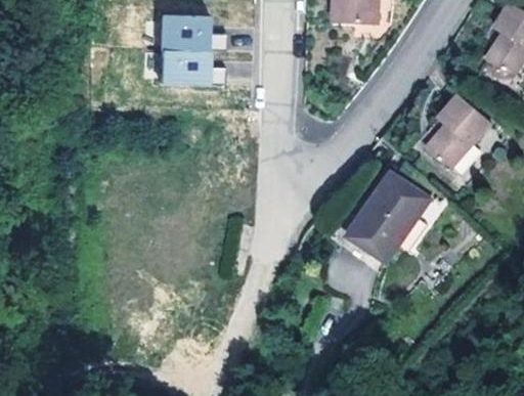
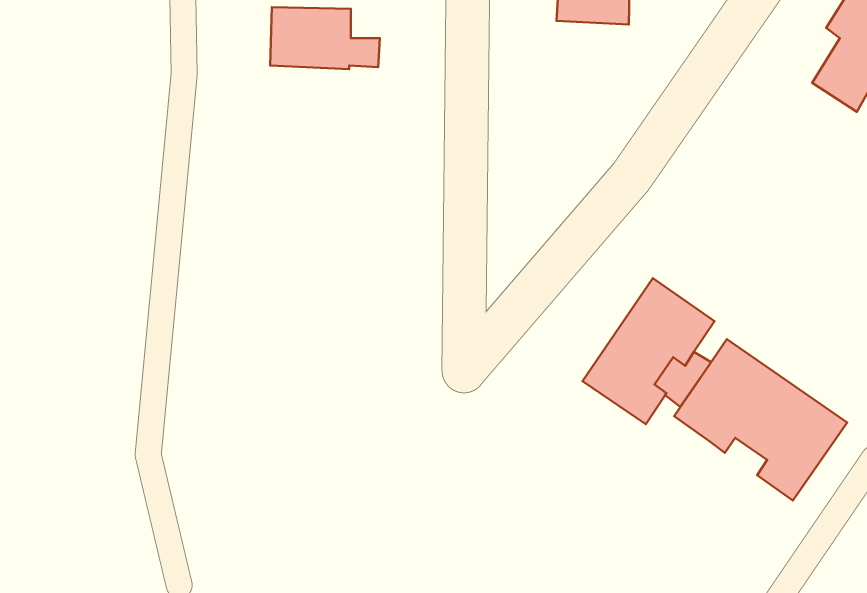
building: [161,49,226,84] -> none
building: [424,95,489,170] -> none
building: none -> [674,339,847,500]

